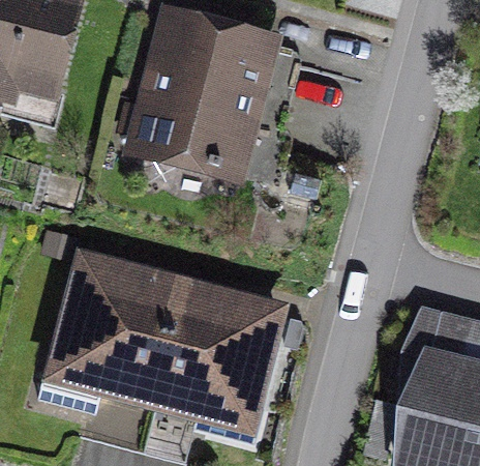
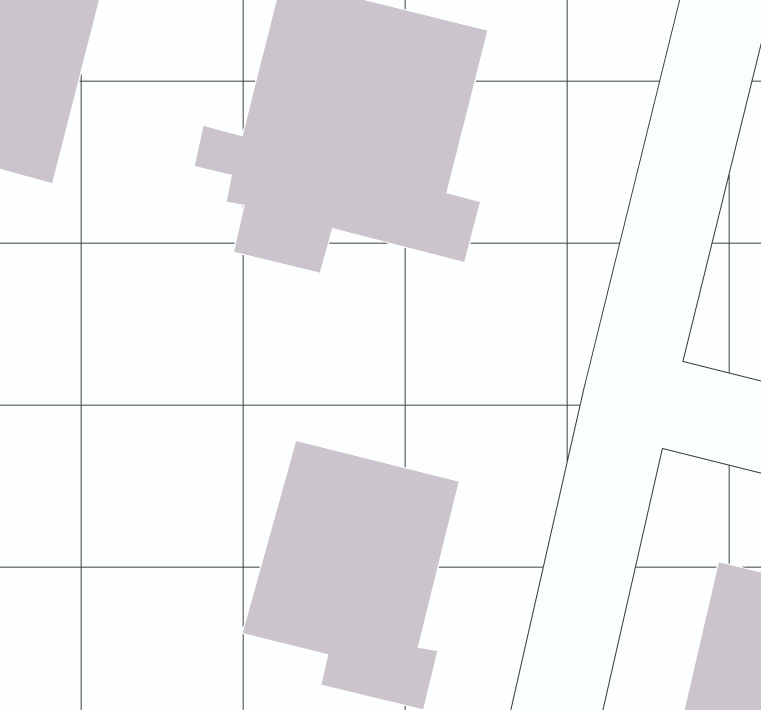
building: [37,253,180,402] -> none

